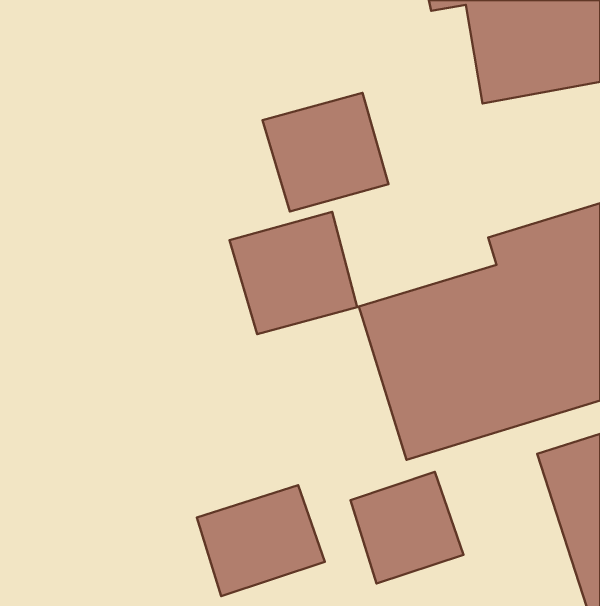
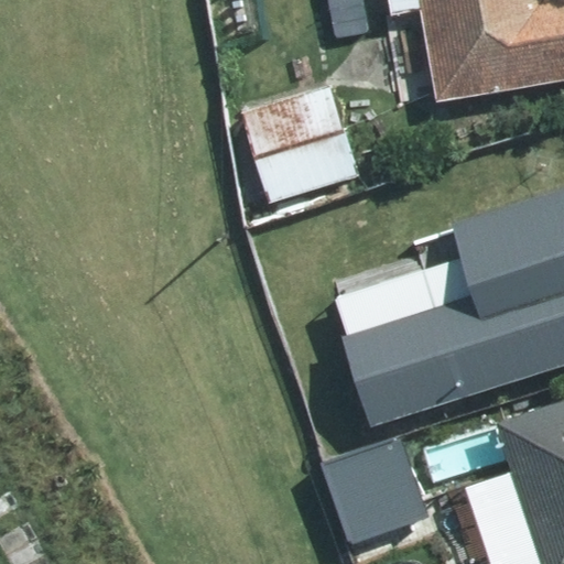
building: [230,212,357,334] -> none
building: [197,485,325,596] -> none

